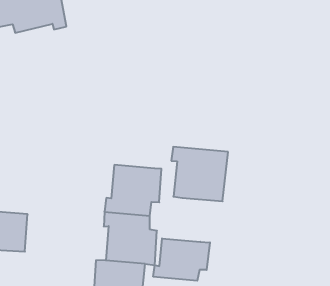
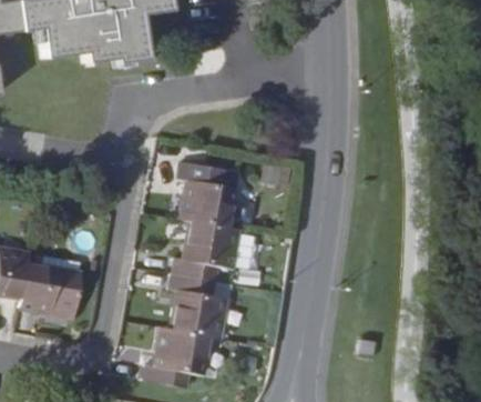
building: [171,147,228,201] -> [175,163,242,230]
building: [153,238,210,281] -> none

